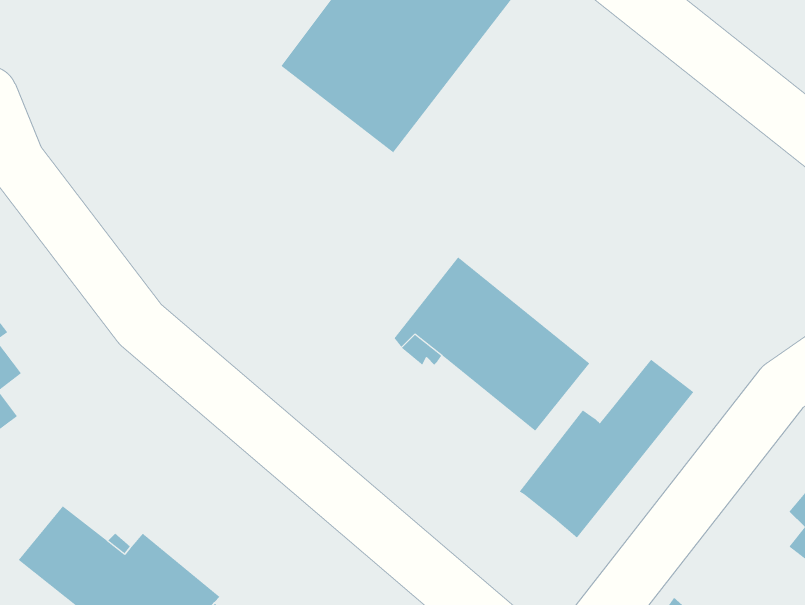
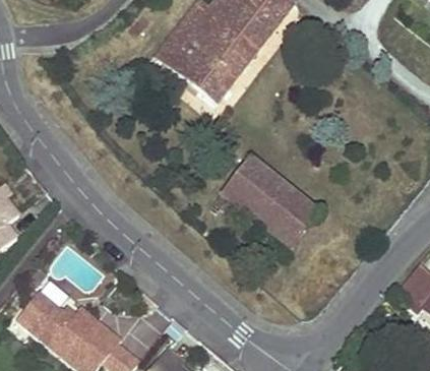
building: [519,359,694,539] -> none

